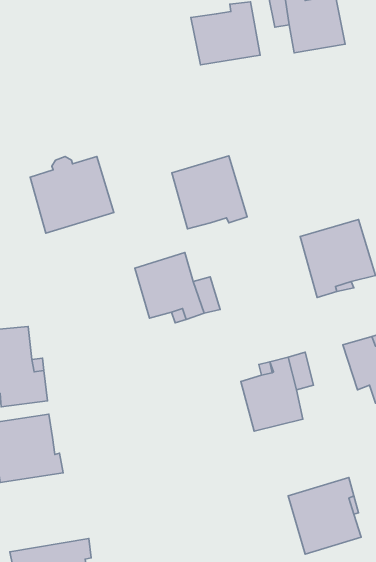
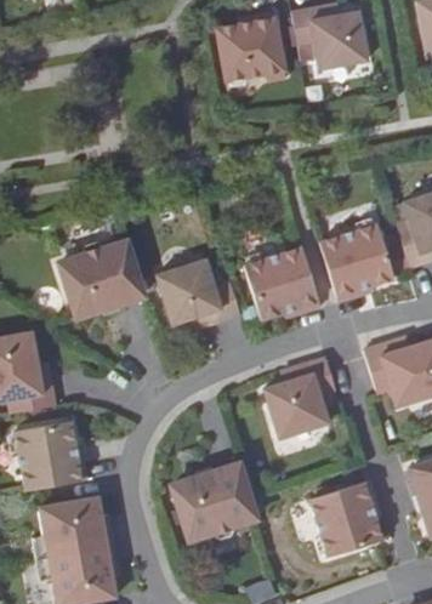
building: [172,156,247,229] -> [248,249,323,321]
building: [30,156,114,233] -> [62,240,146,317]
building: none -> [171,465,255,540]
building: none -> [29,496,112,558]

